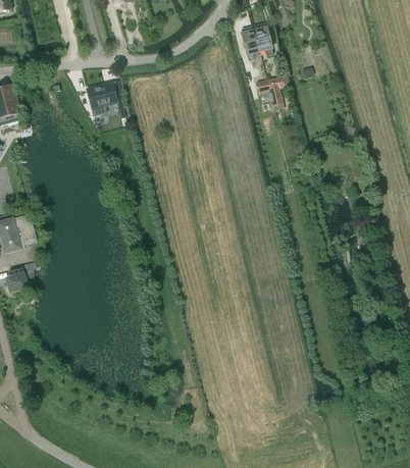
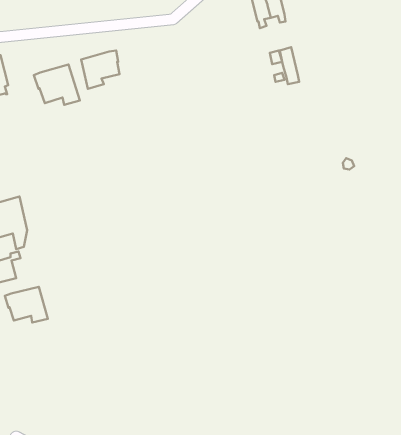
building: none -> [34,65,80,105]
building: none -> [5,287,48,322]

